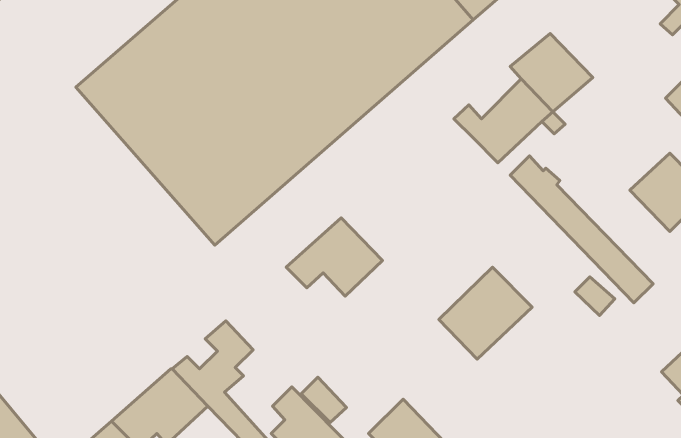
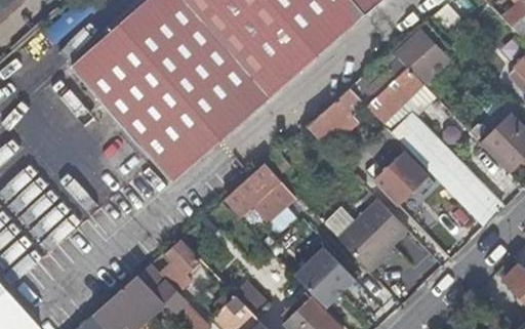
building: none -> [307,89,363,142]
building: none -> [375,159,429,204]
building: none -> [294,248,355,307]

